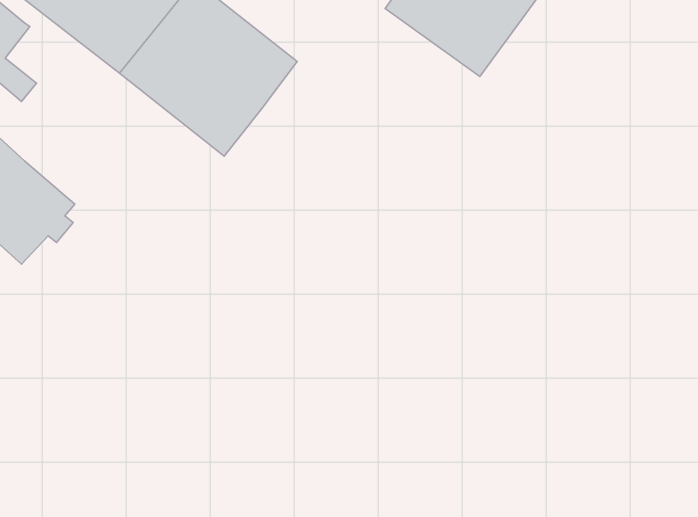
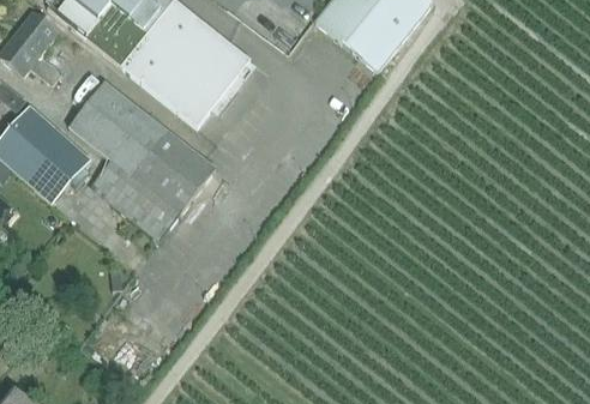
building: none -> [67,79,215,241]

